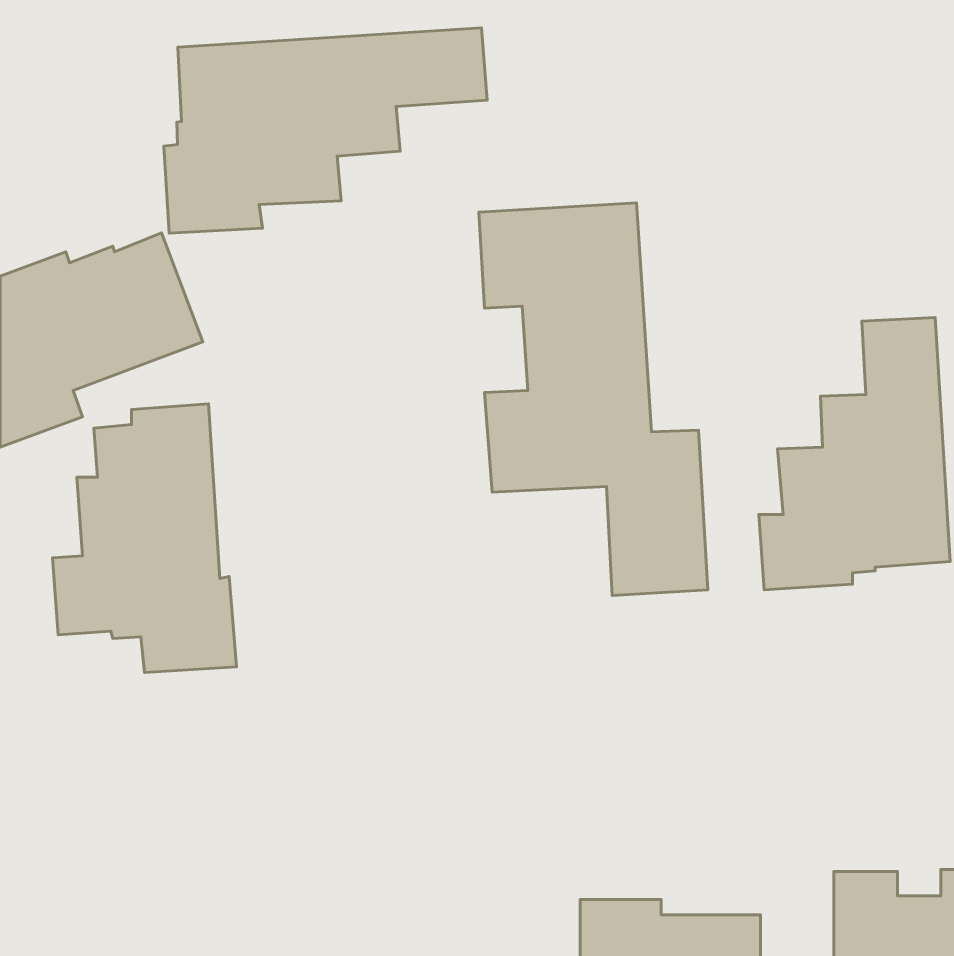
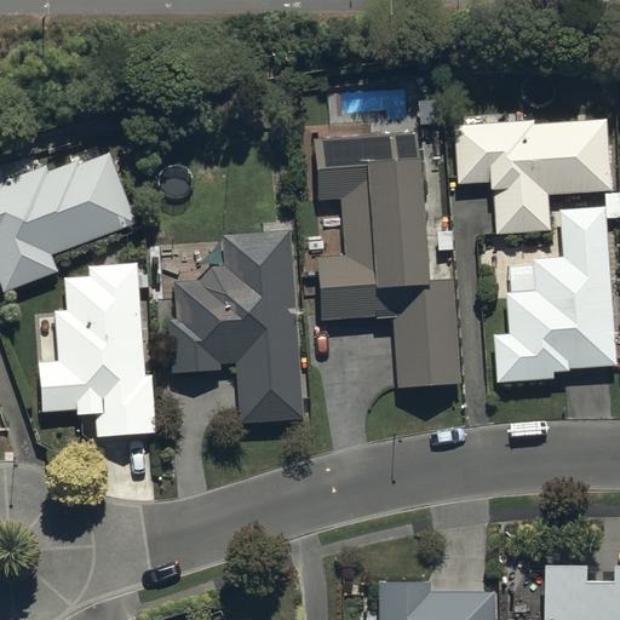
building: [164,28,487,233] -> none
building: none -> [453,120,610,234]
building: none -> [171,229,303,421]

